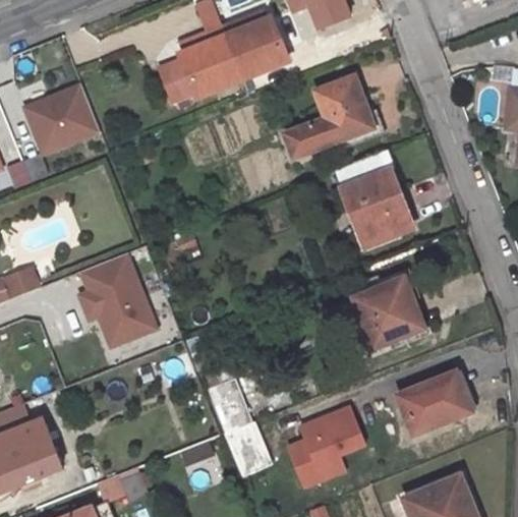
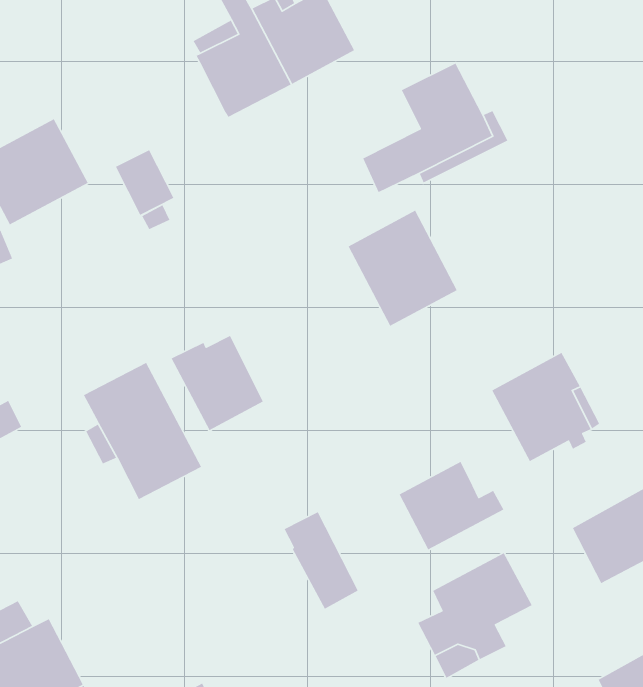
building: [158,58,195,102] -> [115,149,175,216]
building: [341,170,411,246] -> [348,210,458,327]
building: none -> [171,335,264,431]
building: none -> [399,461,505,551]
building: [225,420,271,476] -> none

